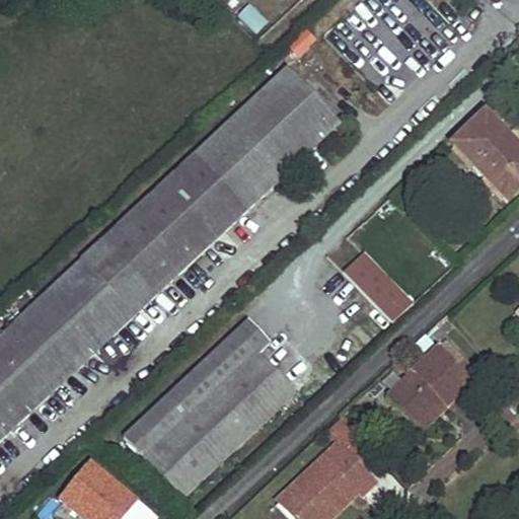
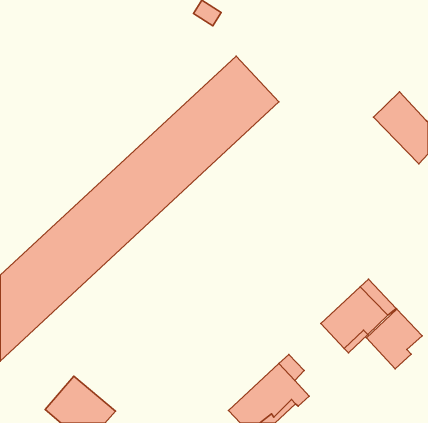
building: [343,248,414,322] -> none
building: [124,317,296,497] -> none
building: none -> [367,309,422,369]

